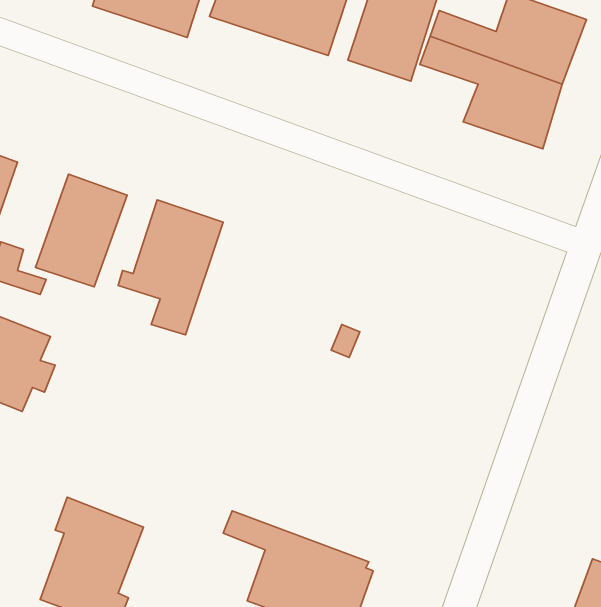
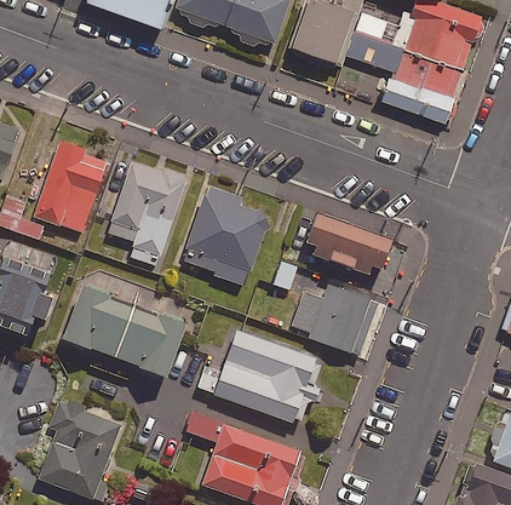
building: none -> [183,195,269,286]
building: none -> [304,211,391,272]
building: none -> [62,285,183,375]
building: none -> [291,285,378,356]
building: none -> [197,333,322,425]

